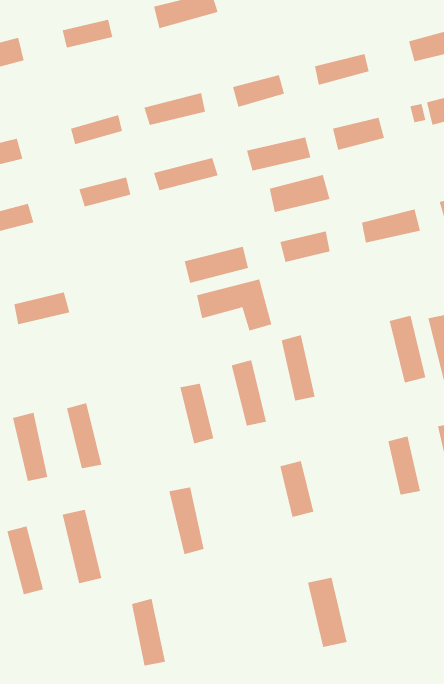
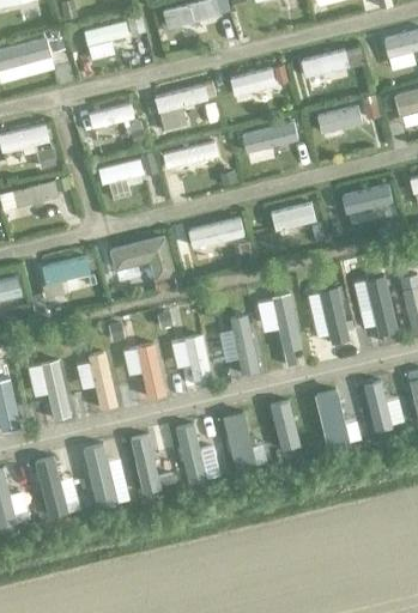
building: [269,174,330,213] -> none
building: [196,279,272,331] -> [113,233,178,279]
building: none -> [319,287,350,345]
building: none -> [135,344,166,399]
building: none -> [223,413,256,473]
building: [307,577,348,648] -> [315,390,350,451]
building: [131,598,166,666] -> [131,435,160,493]

